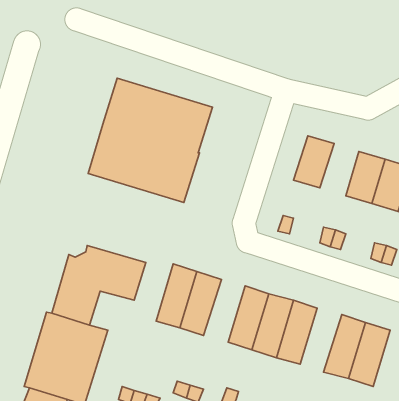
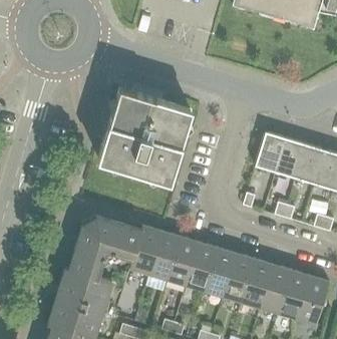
building: none -> [275,138,305,179]
building: none -> [129,226,162,275]
building: none -> [186,243,218,291]
building: none -> [260,265,292,314]

